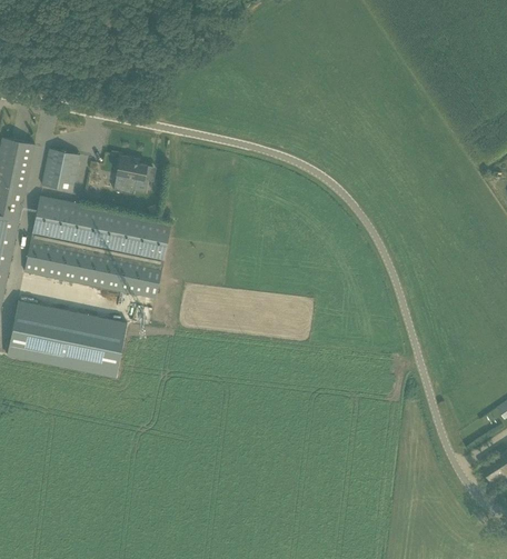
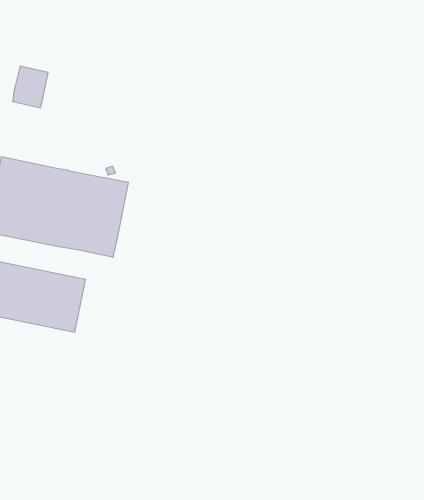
building: [42,148,79,191] -> [13,66,48,108]
building: [117,156,148,193] -> none

